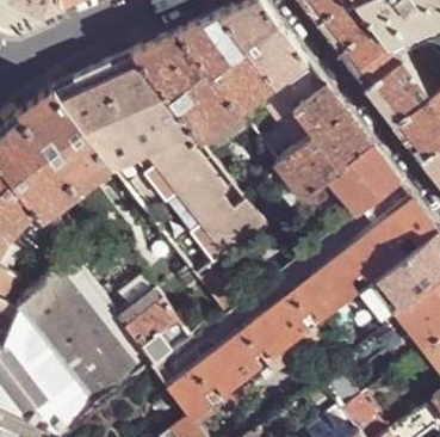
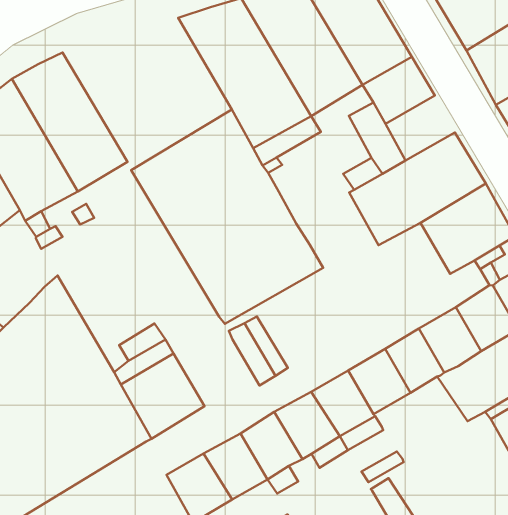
building: [52,53,181,168] -> none
building: [295,86,346,136] -> none

